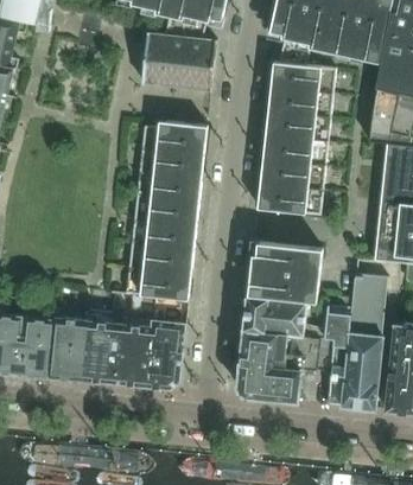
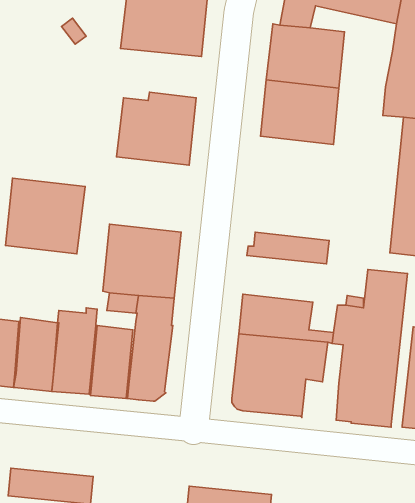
building: [258,159,325,215] -> none
building: [132,177,201,242] -> [6,178,85,254]
building: [247,262,319,304] -> none

